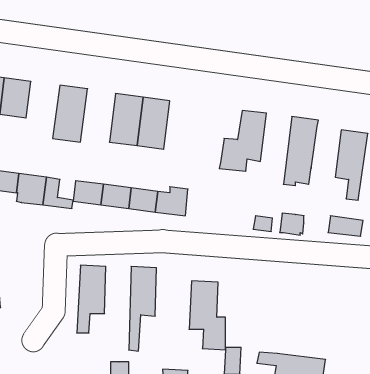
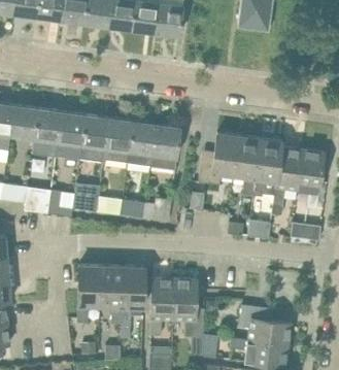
building: none -> [32,108,62,157]
building: none -> [79,114,109,163]
building: none -> [150,125,180,169]
building: none -> [233,135,260,196]
building: none -> [271,146,302,215]
building: none -> [100,266,123,337]
building: none -> [150,277,174,335]
building: none -> [239,305,291,345]

